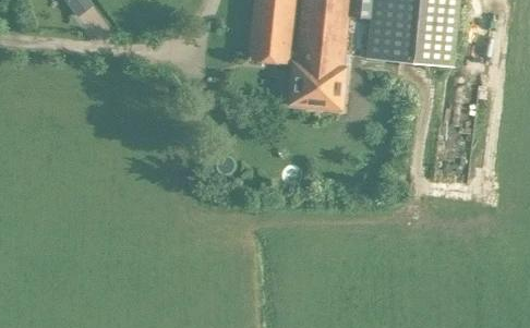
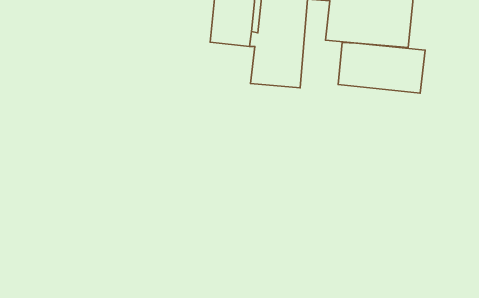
building: none -> [338,42,425,93]

